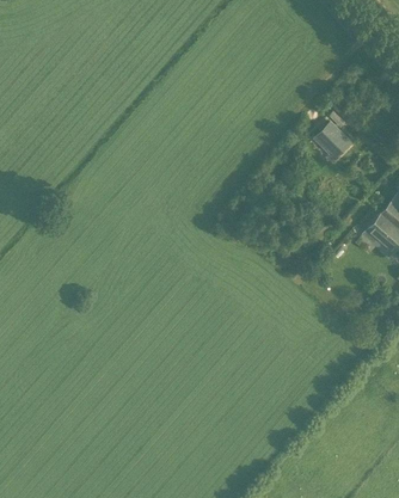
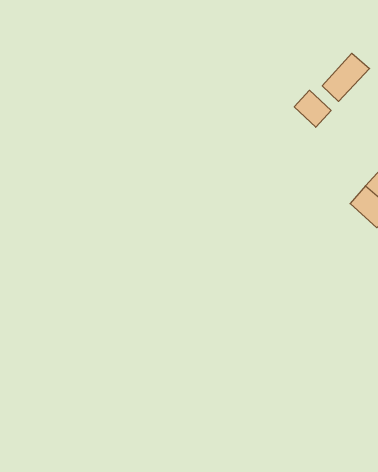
building: none -> [322,53,370,101]

